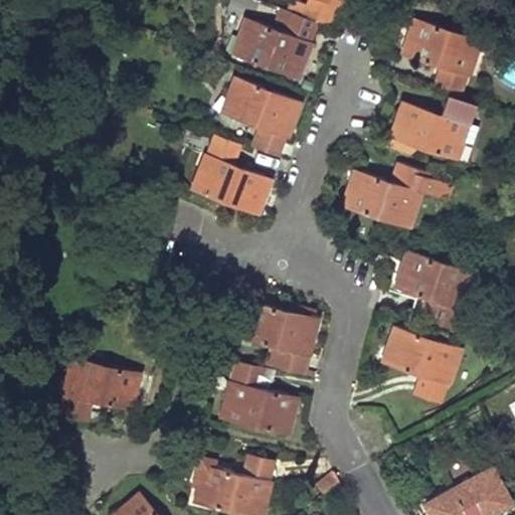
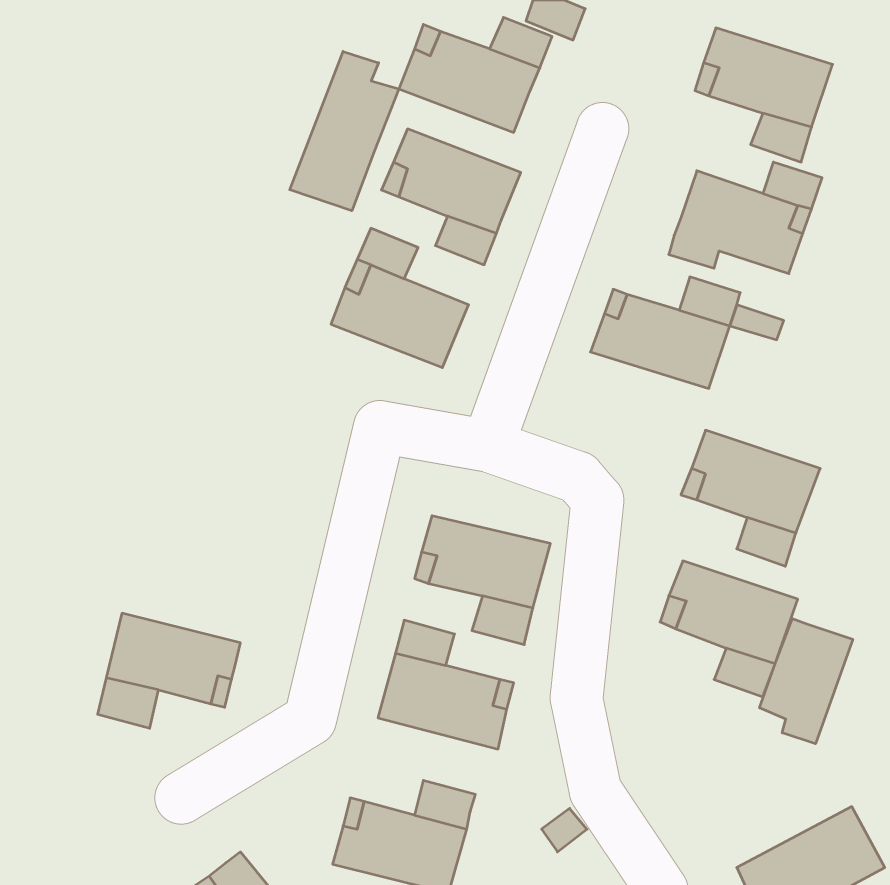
building: none -> [290,51,399,211]
building: none -> [760,619,853,744]

